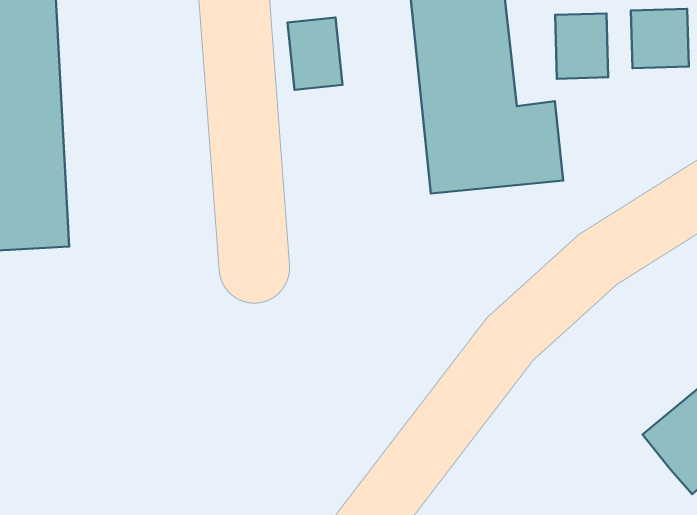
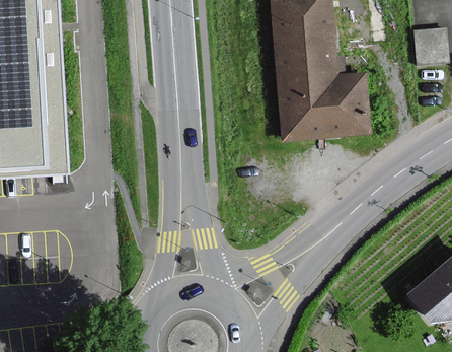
building: [555,13,608,79] -> none
building: [288,18,343,90] -> none

